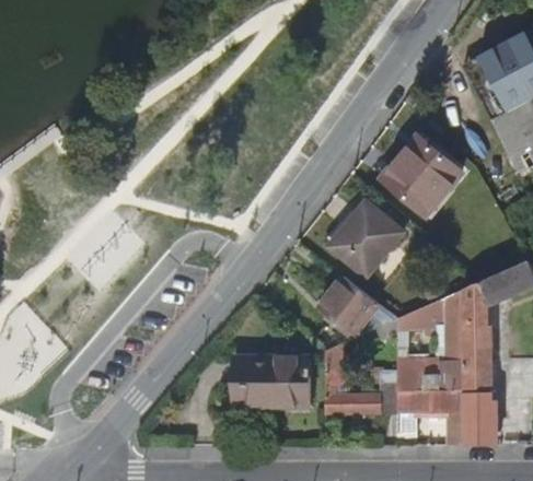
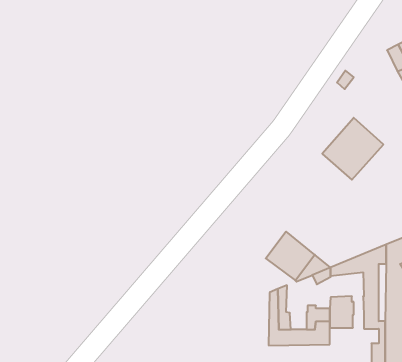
building: [334,204,404,275] -> none
building: [233,352,310,412] -> none
building: [397,375,455,410] -> none

